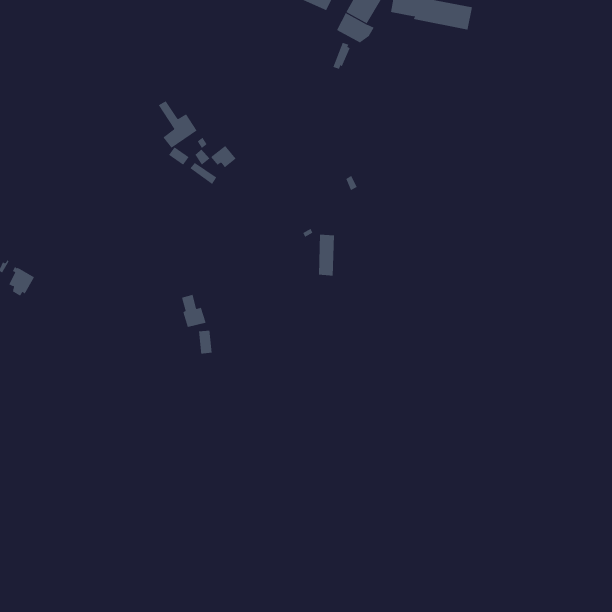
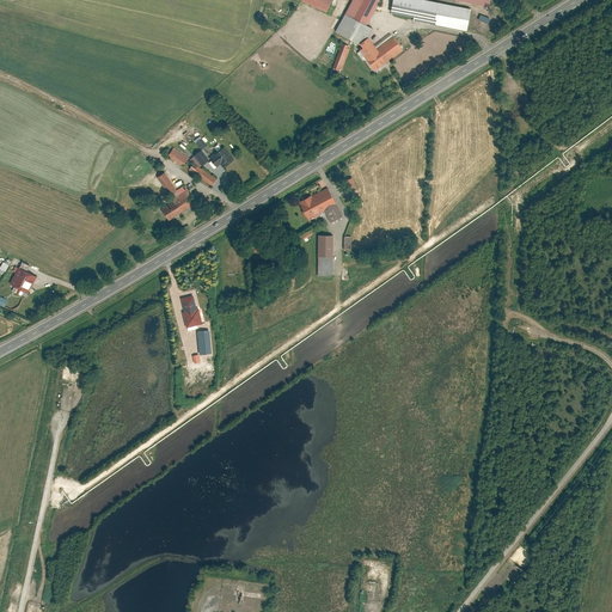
building: none -> [360,35,403,71]
building: [158,100,197,148] -> [155,170,195,218]
building: none -> [299,186,342,220]

